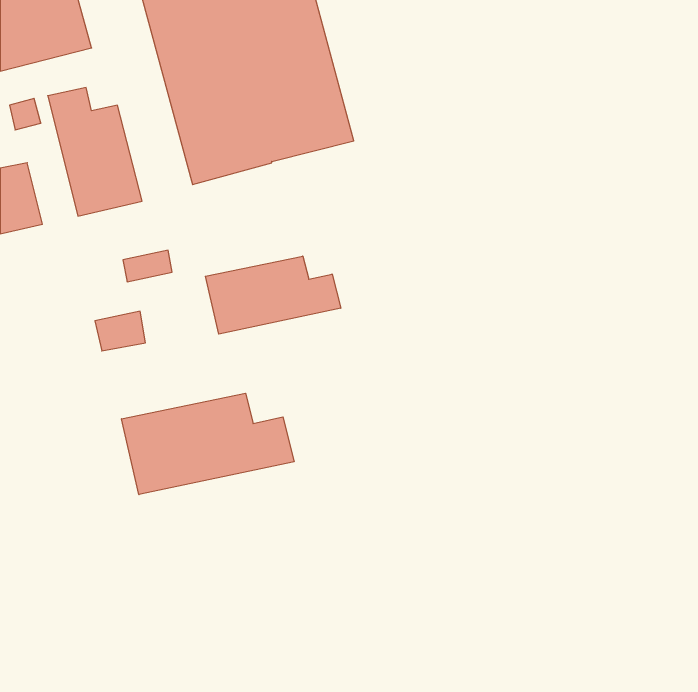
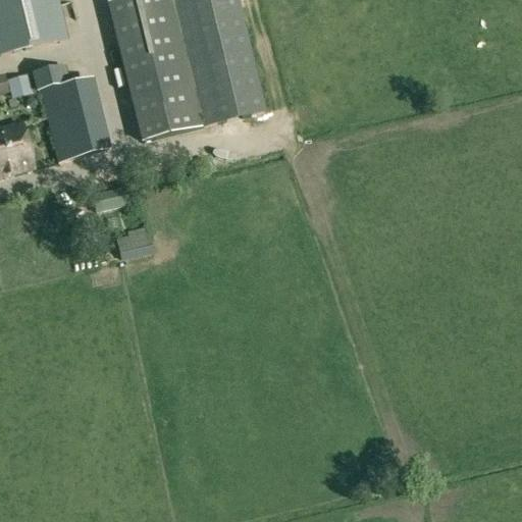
building: [205,256,341,334] -> none
building: [95,311,145,351] -> [115,228,153,258]
building: [122,393,294,495] -> none

